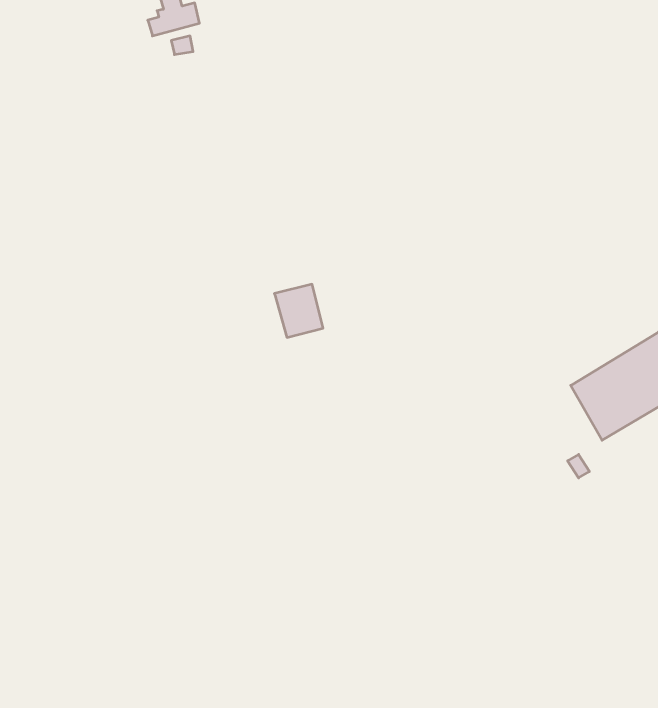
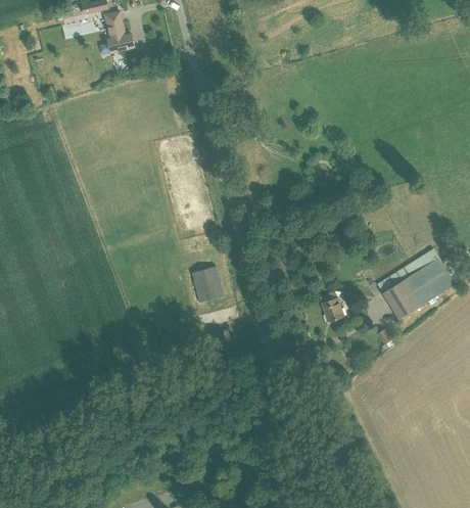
building: [274,284,323,337] -> [193,267,225,302]
building: none -> [319,292,343,323]

